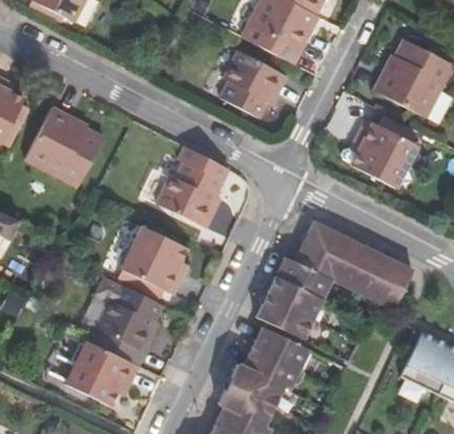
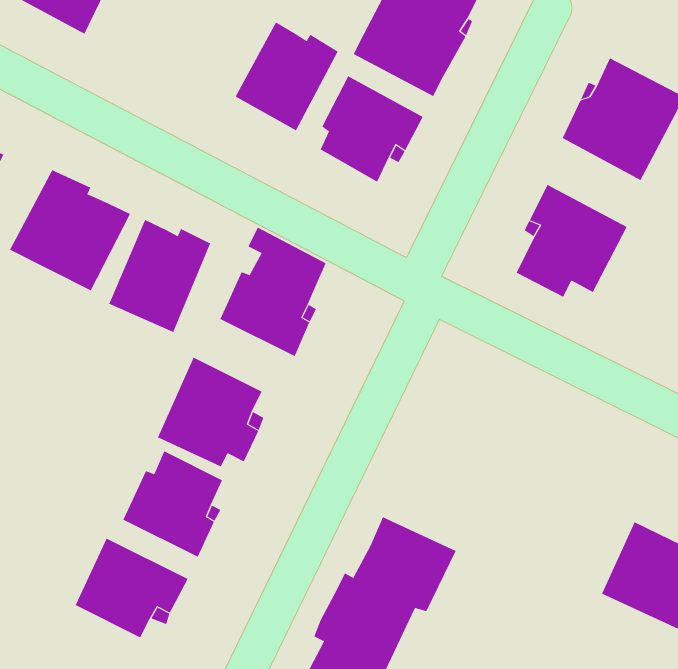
building: none -> [235,21,338,131]
building: none -> [109,219,211,333]
building: [257,222,412,338] -> none

